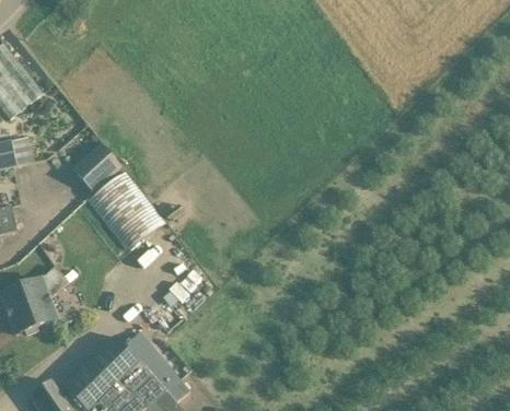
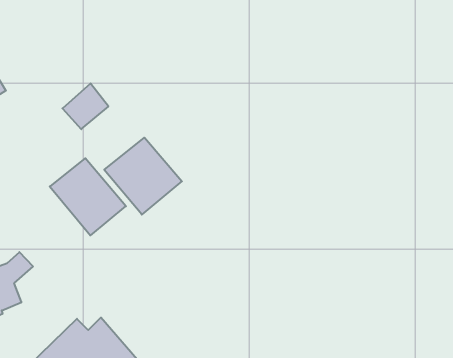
building: [71,145,119,193] -> [62,83,108,129]
building: none -> [104,138,182,215]

